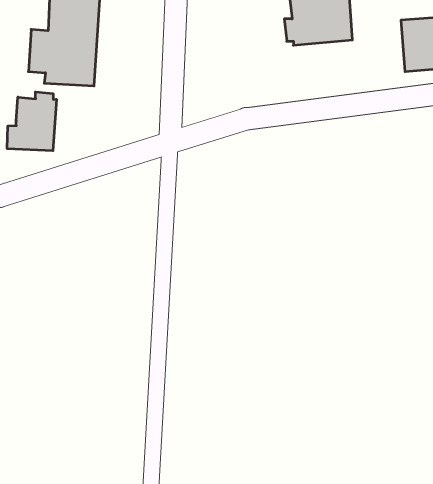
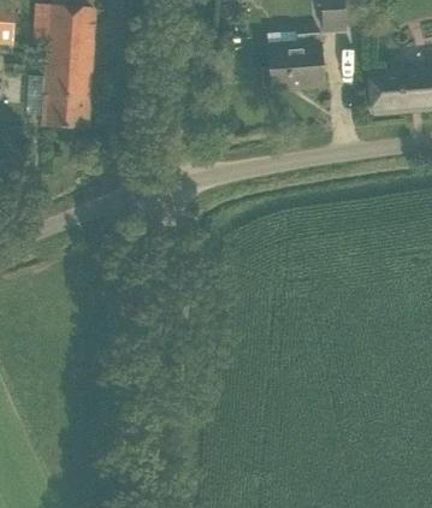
building: [7,92,56,151] -> none

